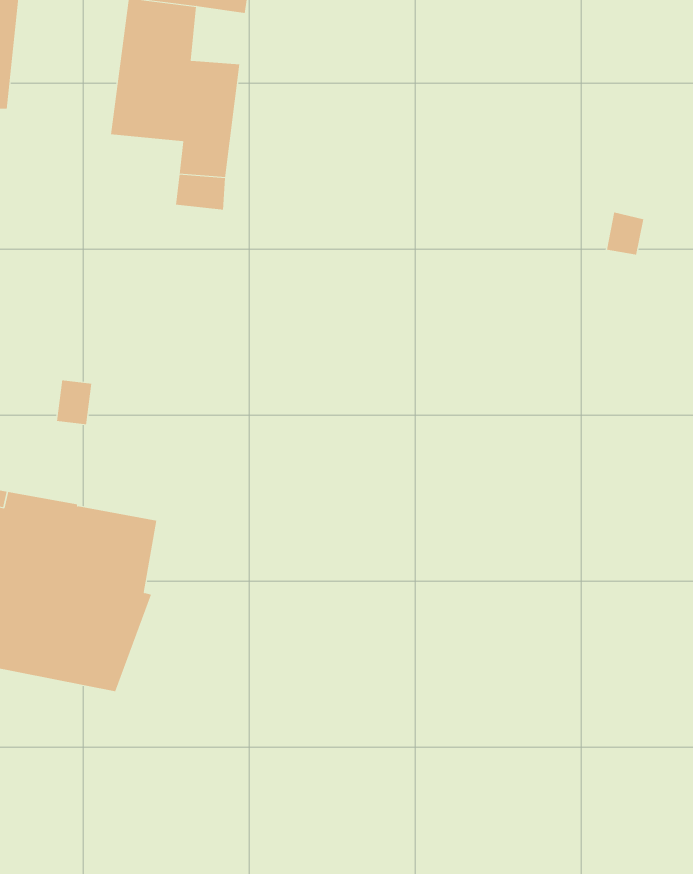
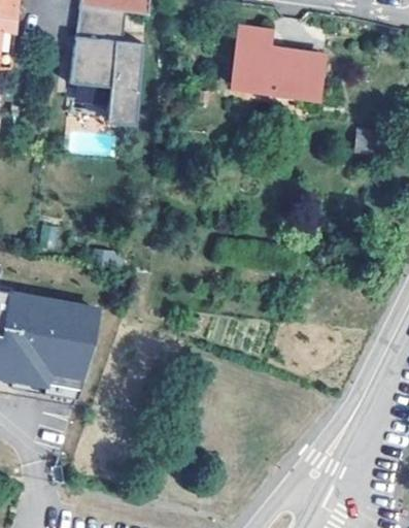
building: none -> [234,29,323,97]

